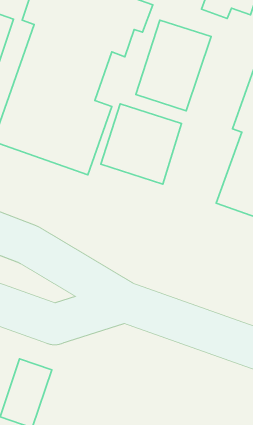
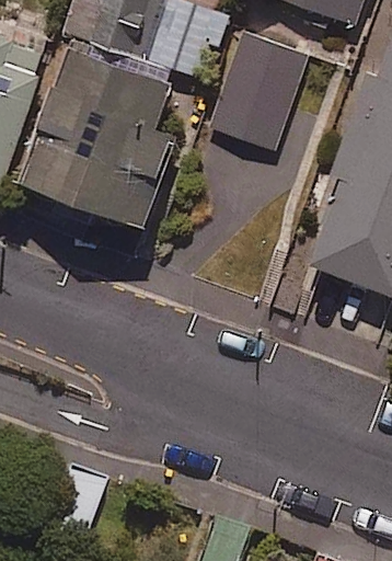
building: [101,104,182,184] -> none

